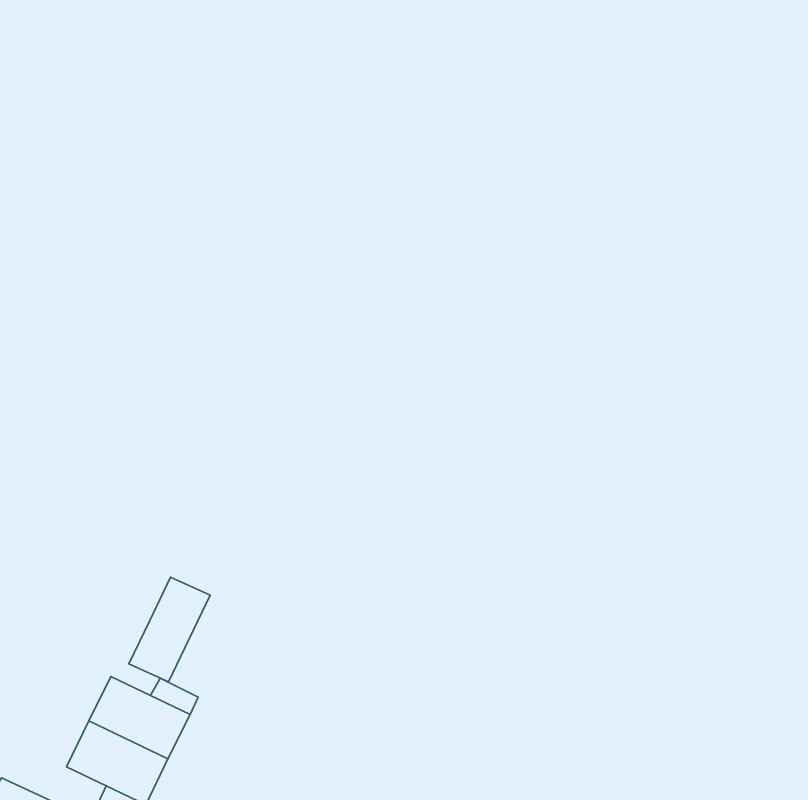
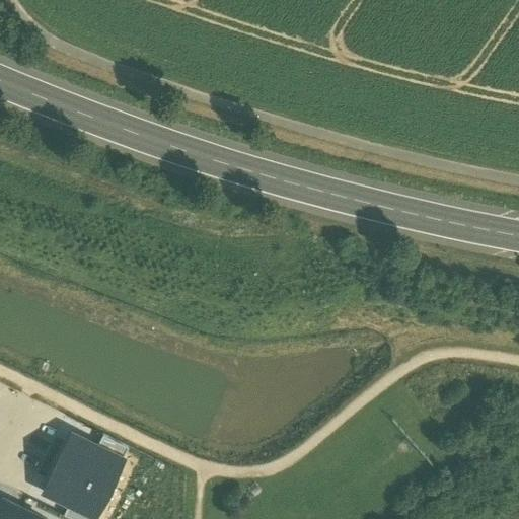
building: [129,577,210,682] -> none

